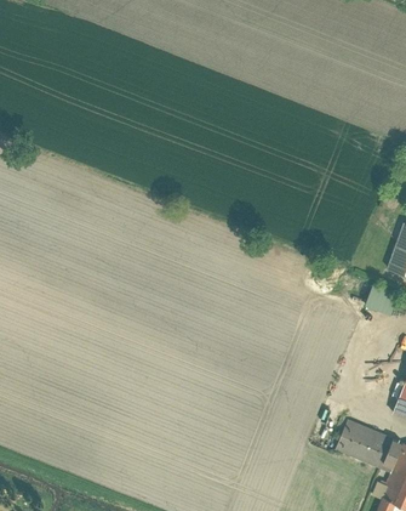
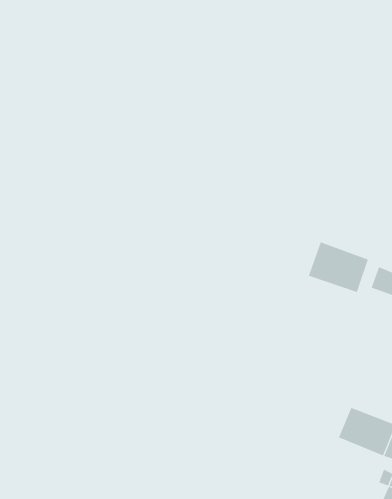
building: none -> [308,242,369,293]

